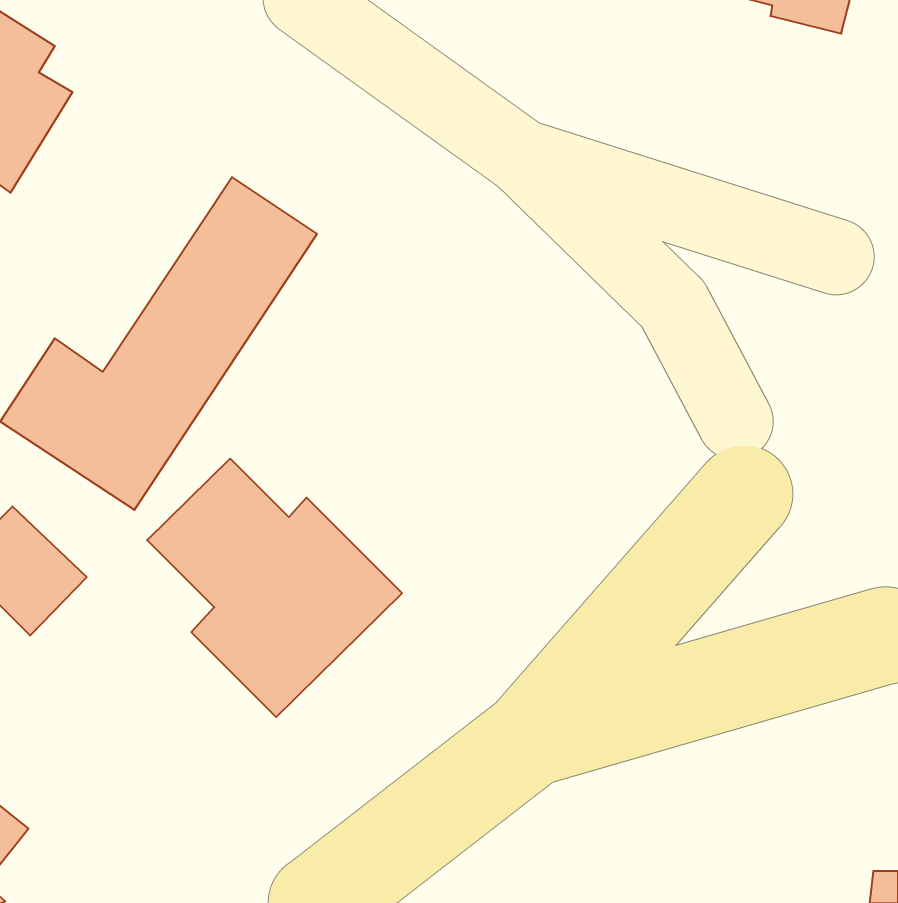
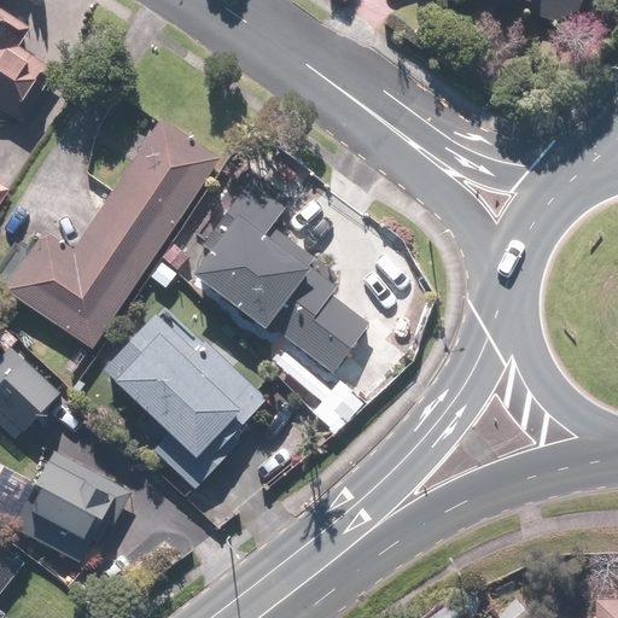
building: none -> [194,181,369,373]
building: none -> [10,464,126,567]

